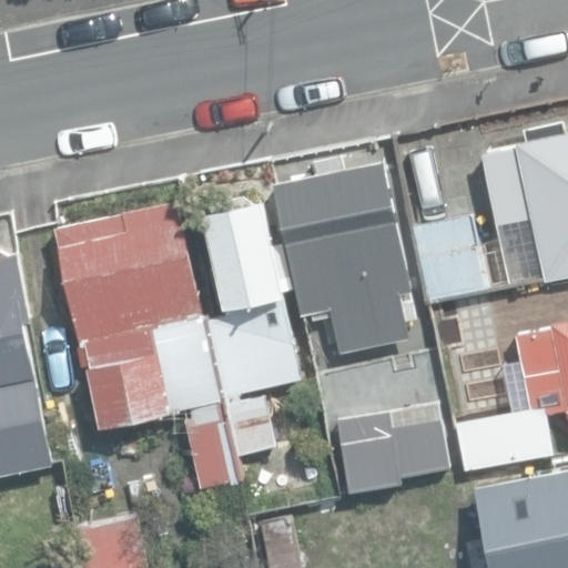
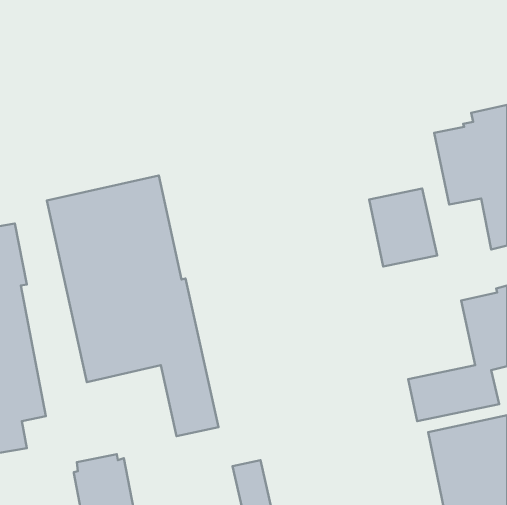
building: [273,154,416,354] -> none
building: [200,200,301,456] -> none
building: [335,404,450,495] -> none

